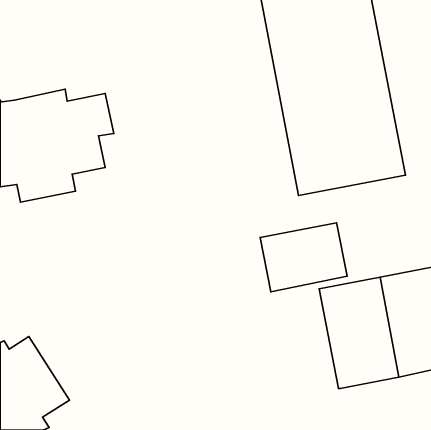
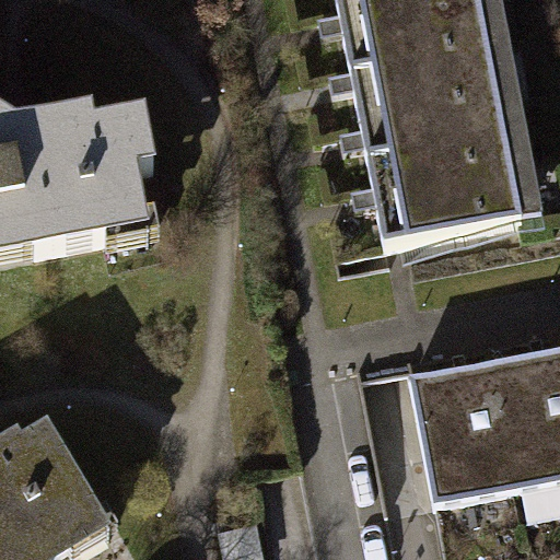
building: [260,223,347,292] -> none

